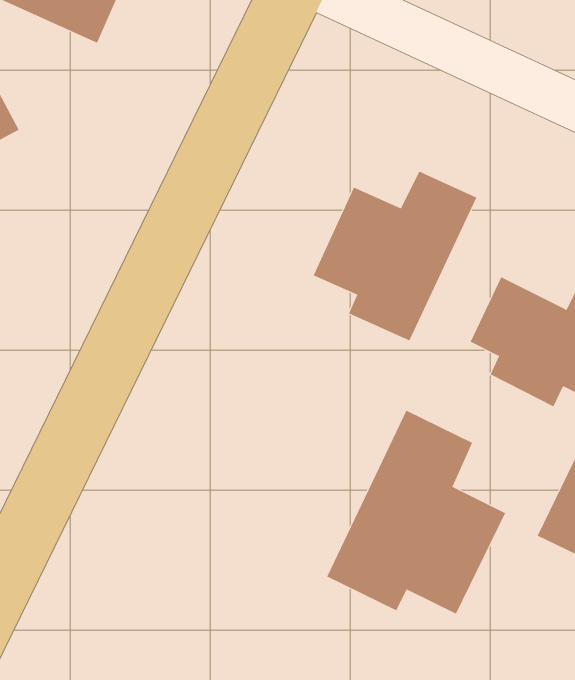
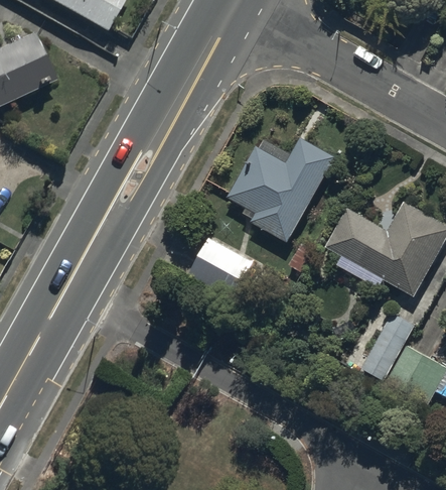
building: none -> [187,235,252,297]
building: [327,410,506,615] -> none

